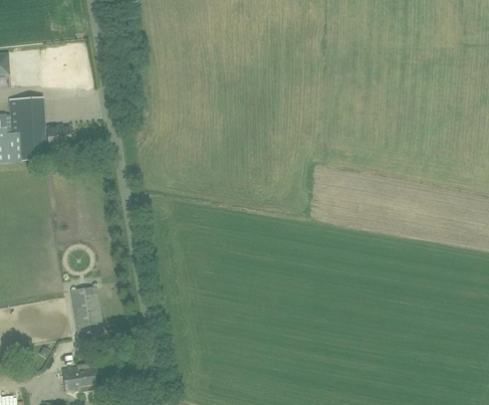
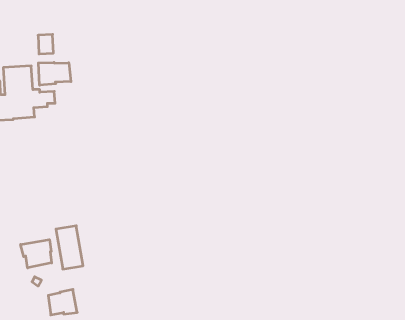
building: none -> [38,62,71,85]
building: none -> [21,240,52,268]

